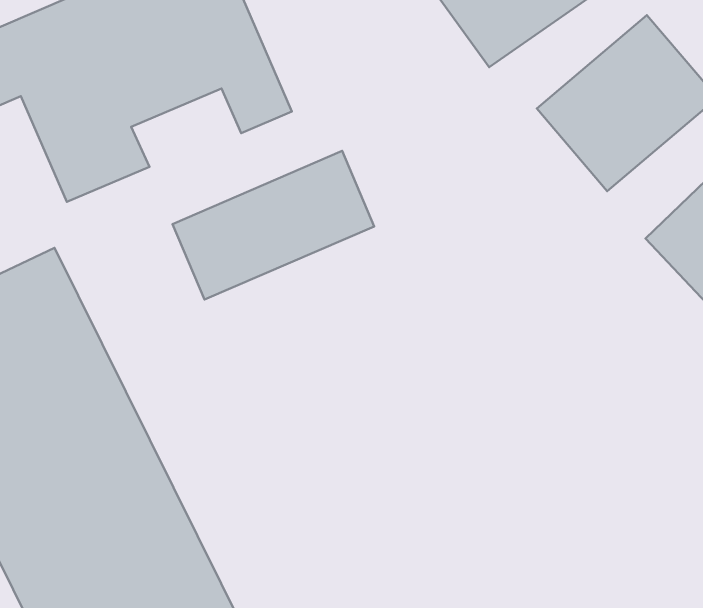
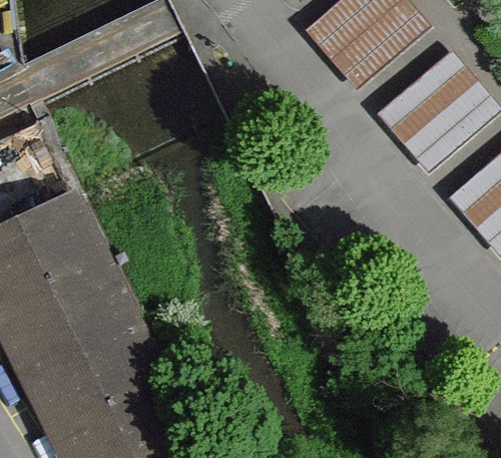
building: [172,151,374,300] -> none

